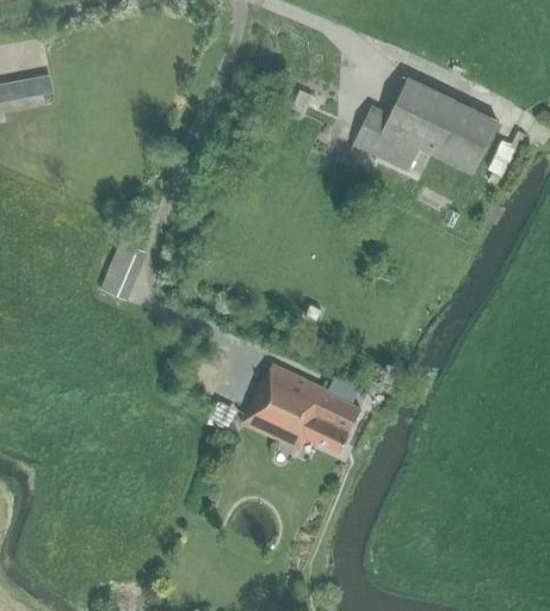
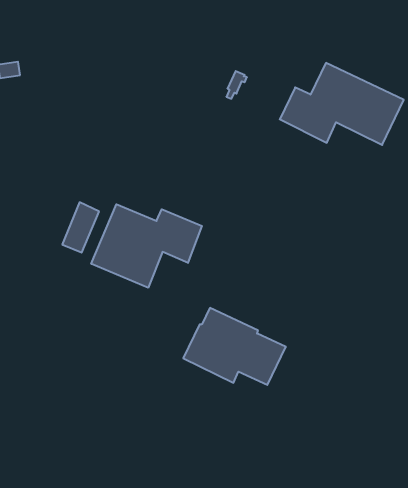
building: none -> [91,204,202,288]

